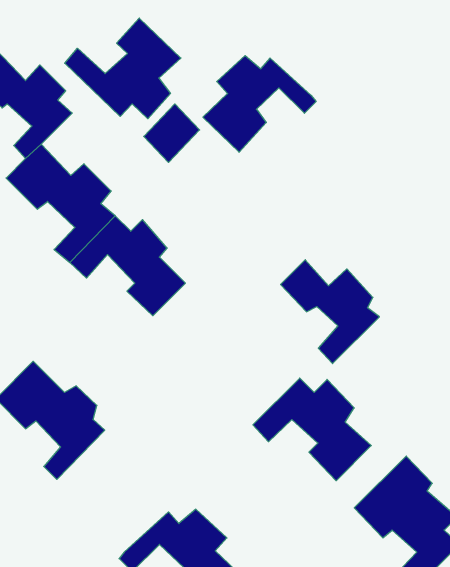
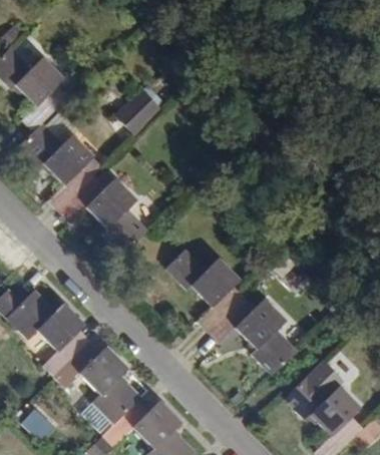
building: [65,18,181,119] -> none
building: [203,56,316,152] -> none
building: [281,260,379,364] -> [164,254,241,334]
building: none -> [53,338,143,432]

